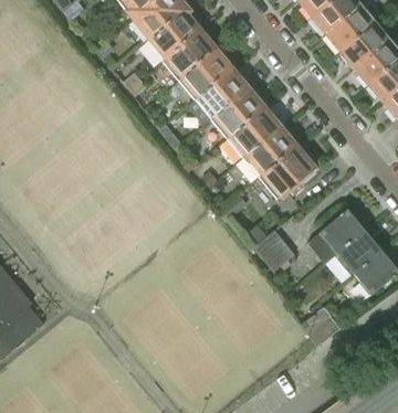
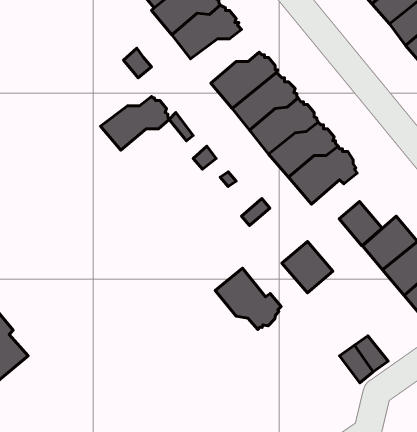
building: [178,55,234,99] -> [101,97,169,150]
building: none -> [339,201,382,246]
building: none -> [215,268,281,329]

